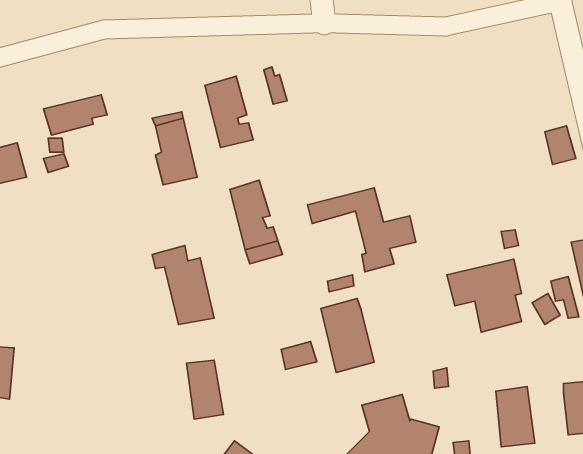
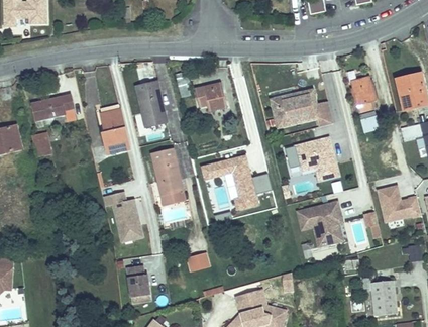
building: none -> [348,76,373,112]
building: none -> [192,81,225,108]
building: none -> [269,87,331,127]
building: none -> [292,137,338,181]
building: [321,299,374,372] -> none
building: [496,386,535,447] -> none

